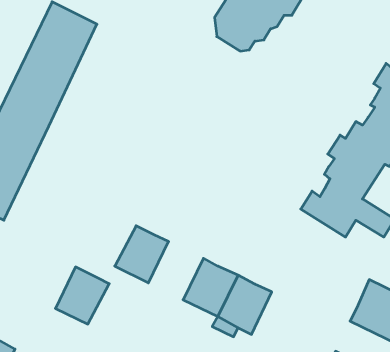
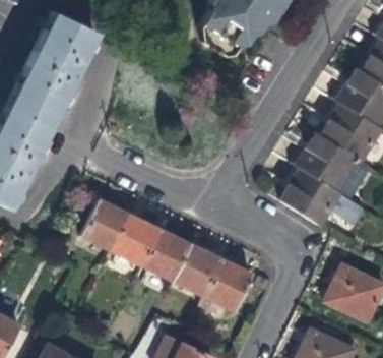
building: none -> [141,228,191,281]
building: [55,267,109,324] -> [81,198,130,250]

